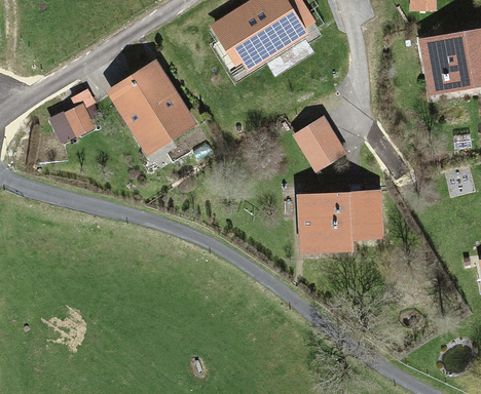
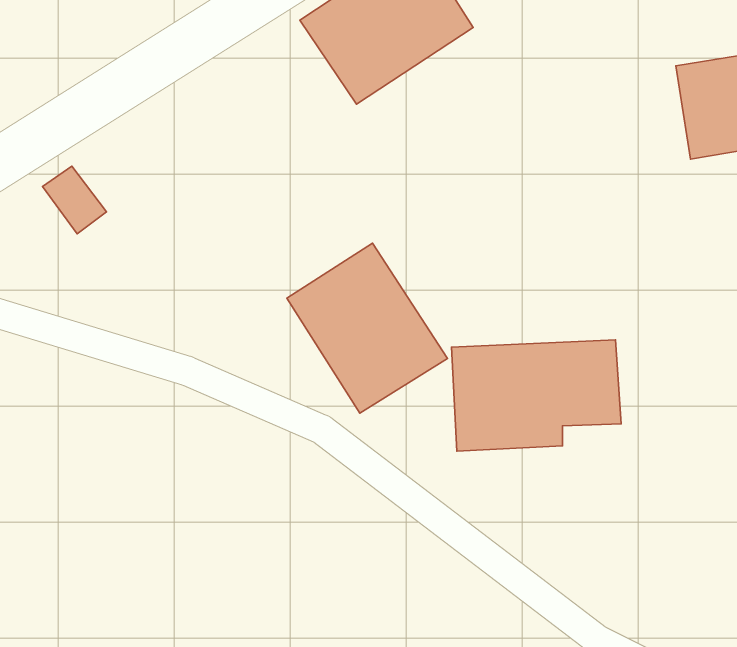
building: [107,62,197,157] -> [287,243,447,413]
building: [296,117,347,170] -> none

